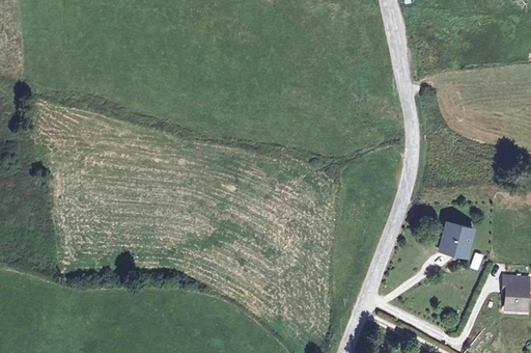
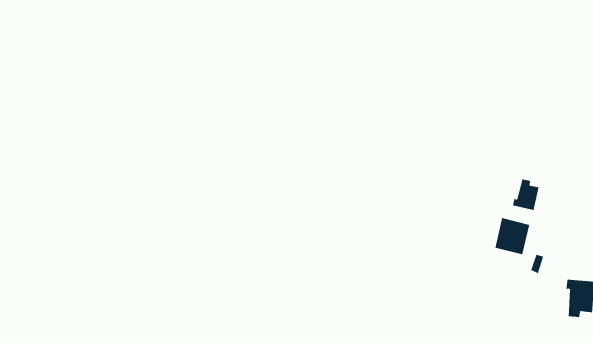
building: none -> [512,179,540,211]

